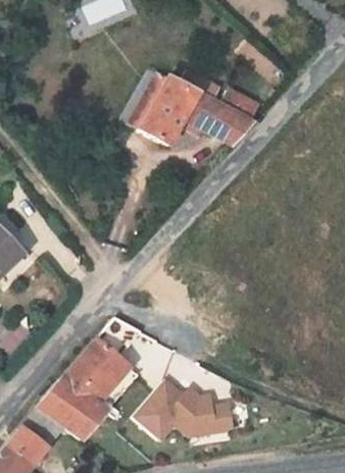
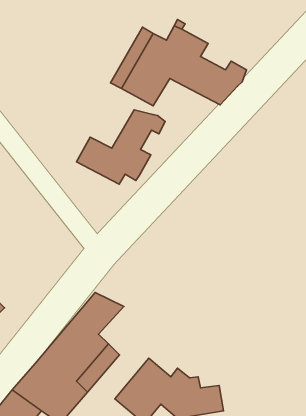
building: none -> [77,110,165,184]

